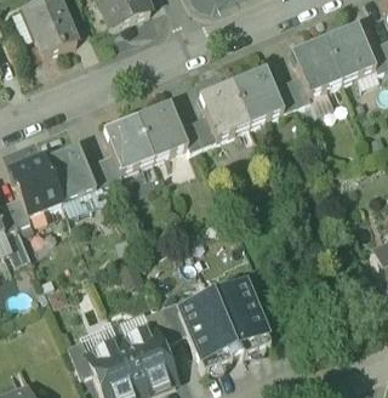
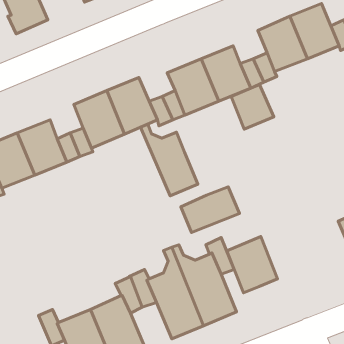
building: none -> [231,84,274,129]
building: none -> [140,124,198,196]
building: none -> [181,187,239,233]
building: none -> [227,237,277,293]

